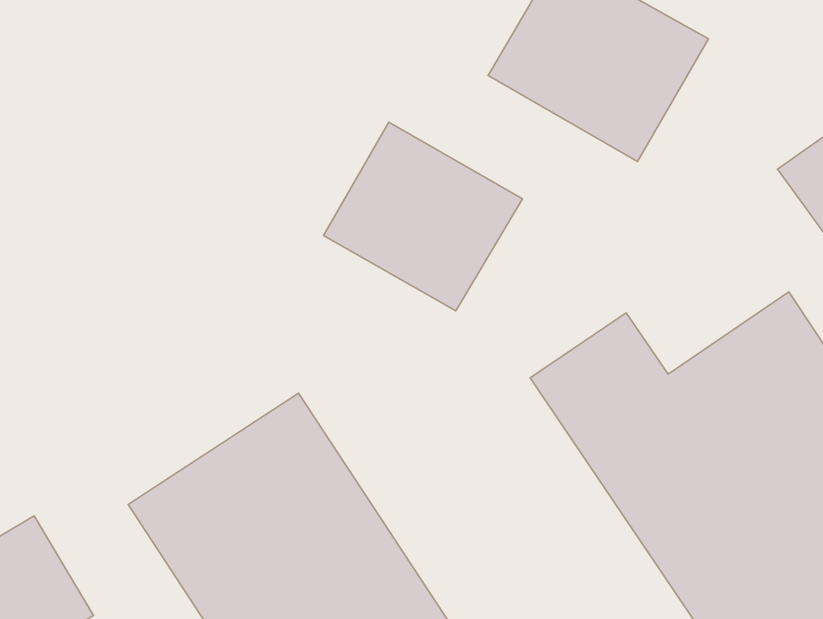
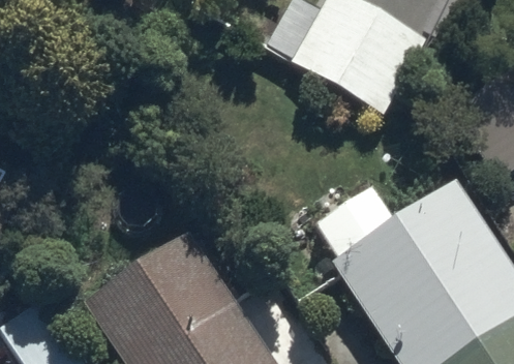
building: [324,122,522,311] -> none

